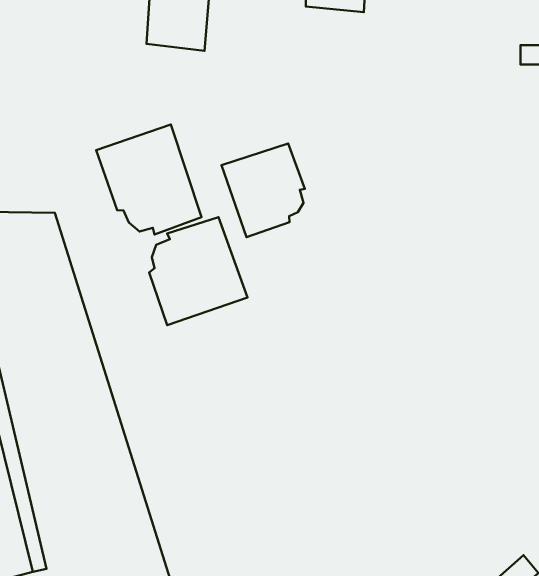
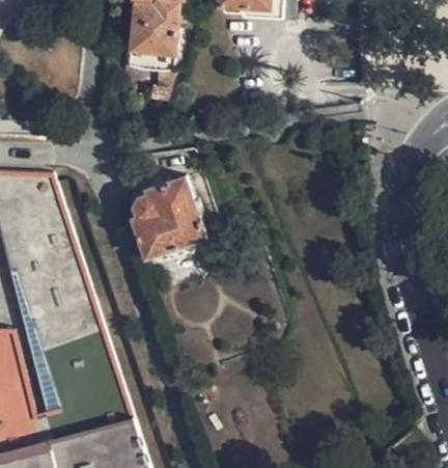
building: [96,125,201,235] -> none
building: [222,144,305,237] -> none

